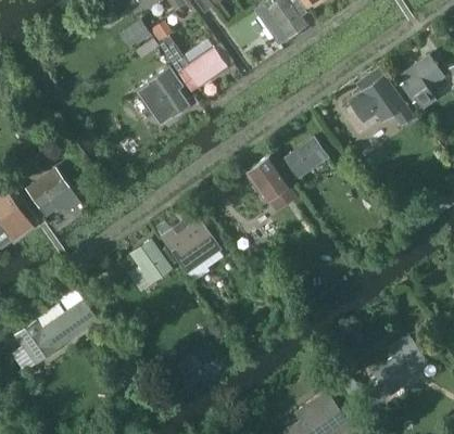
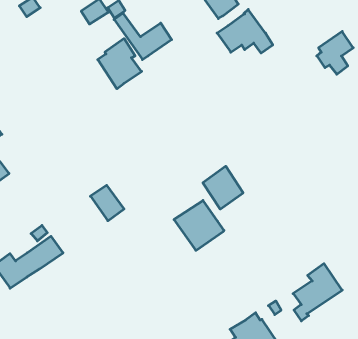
building: [348,73,414,125] -> [217,9,273,53]
building: [286,139,328,178] -> none
building: [244,153,292,204] -> [203,166,243,209]
building: [27,169,80,217] -> none
building: [160,214,219,273] -> [174,200,224,250]

